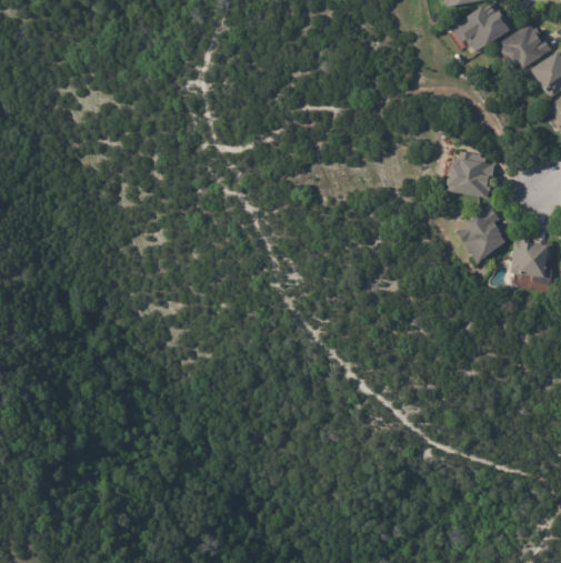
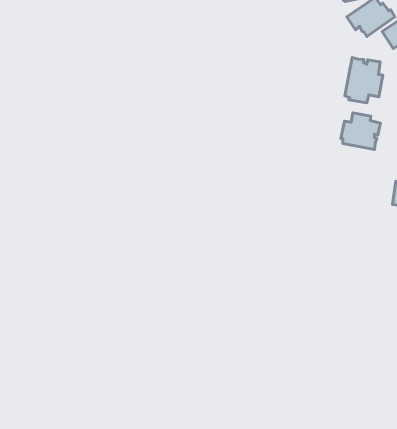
building: none -> [345,58,383,103]
building: [455,209,509,263] -> none

